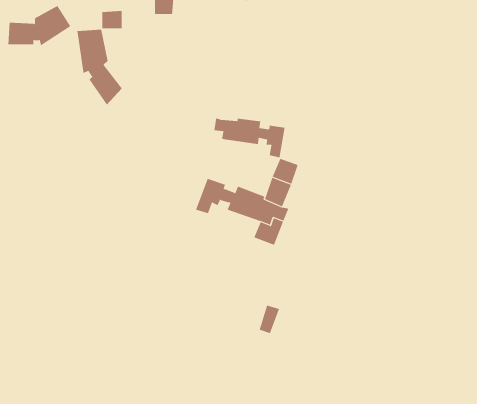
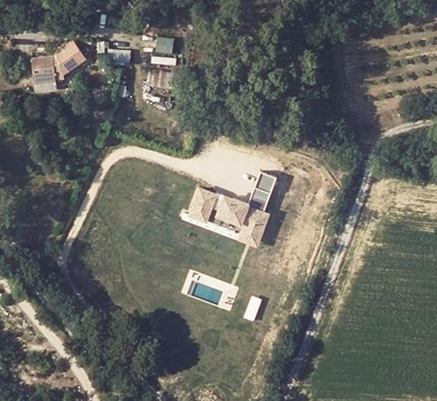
building: [77,29,122,105] -> none
building: [214,118,285,158] -> none

